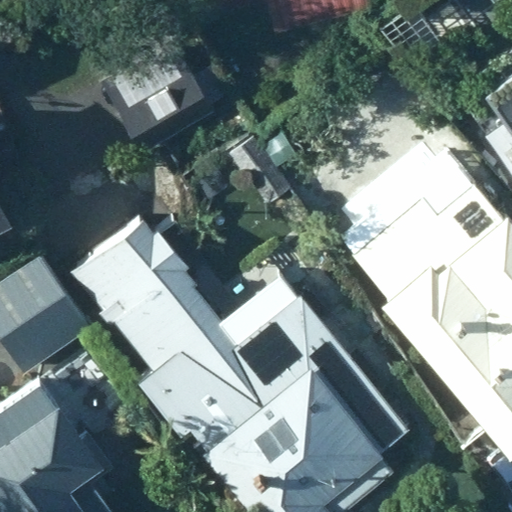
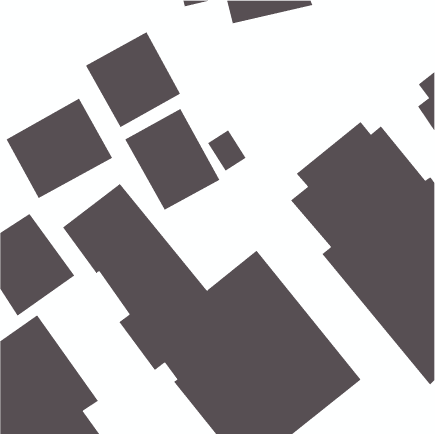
building: none -> [6,98,113,199]
building: none -> [124,108,220,211]

